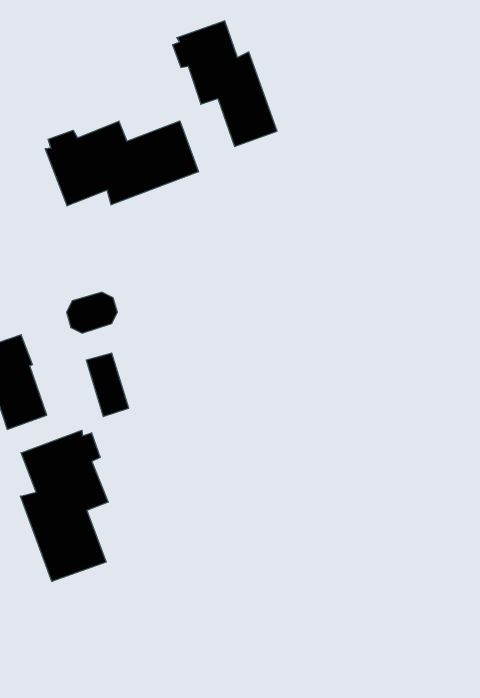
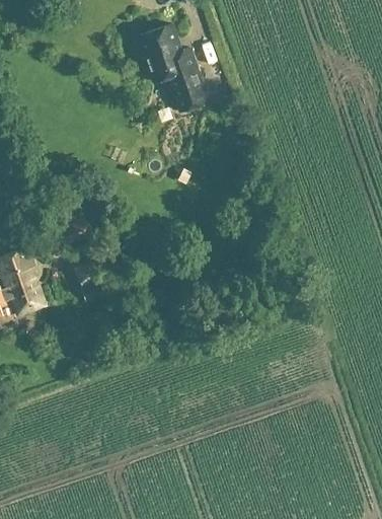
building: [45,121,198,206] -> none
building: [20,430,108,582] -> none

